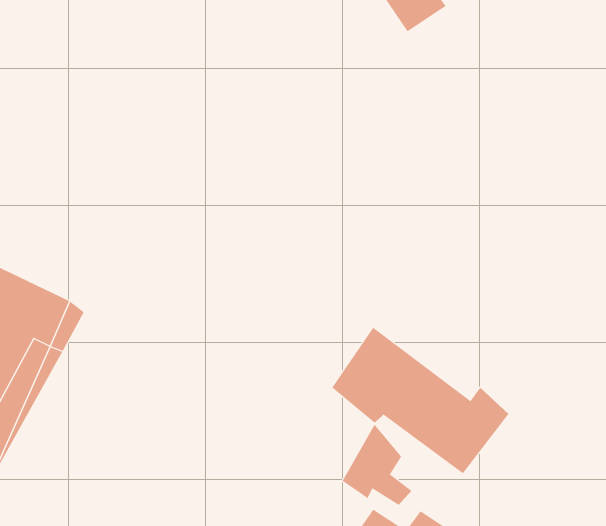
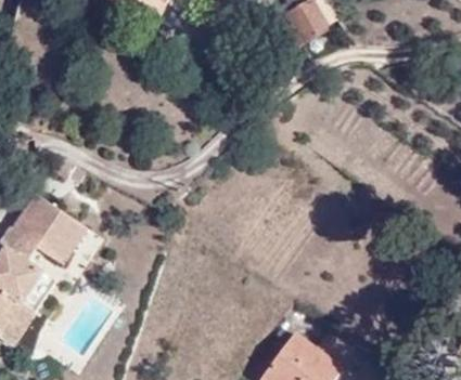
building: [331,327,509,474] -> none

